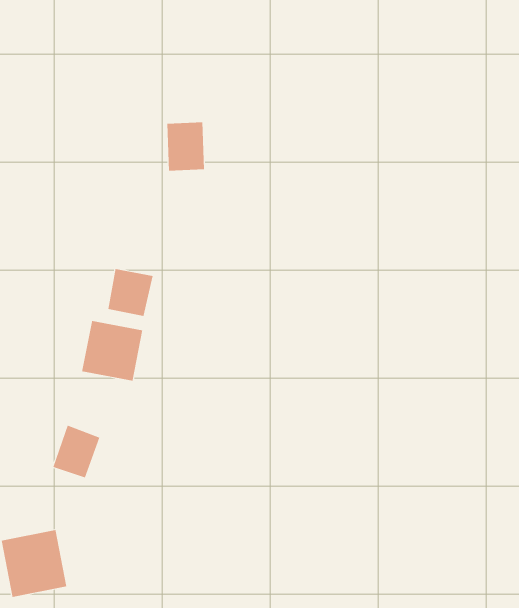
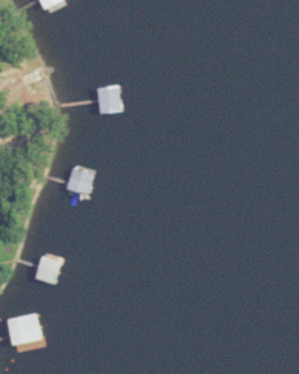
building: [82,320,143,381] -> none

